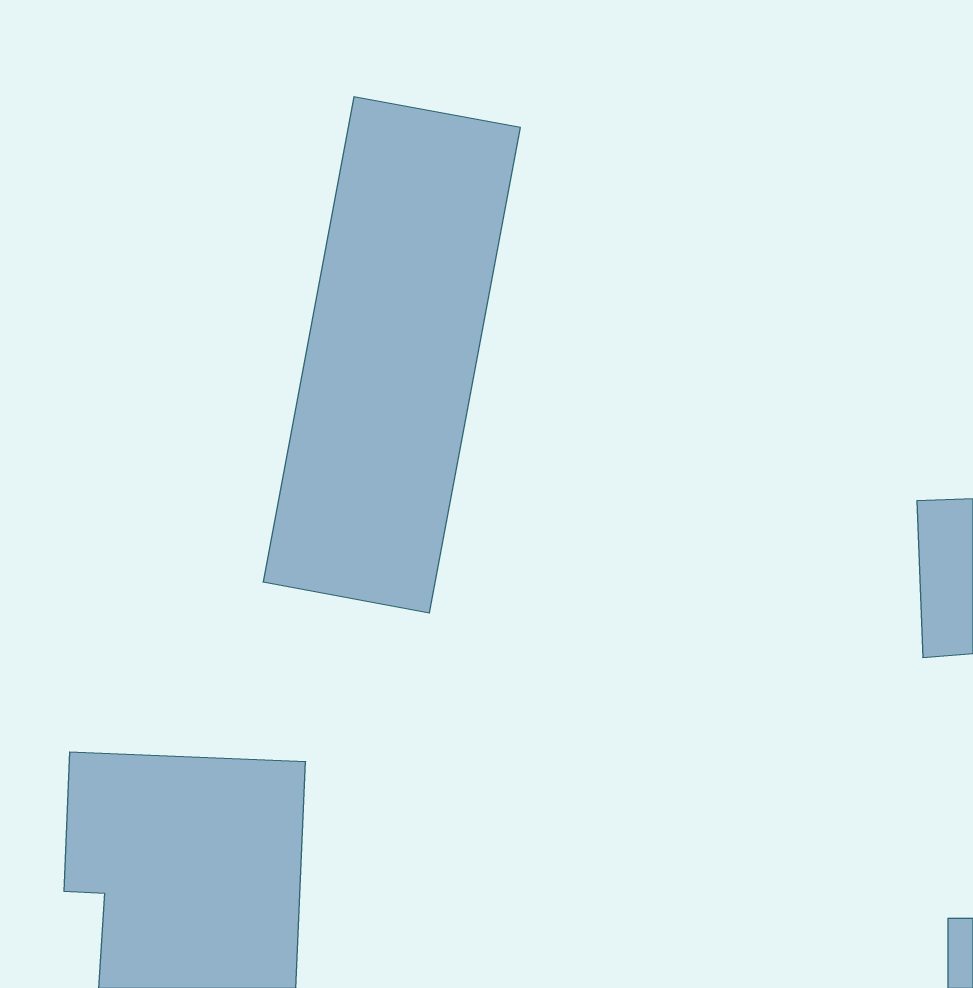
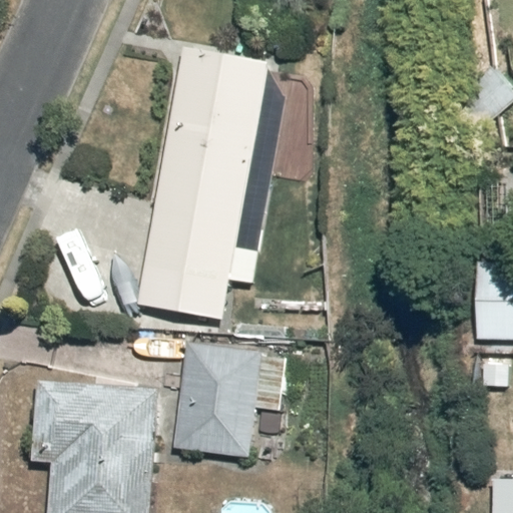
building: none -> [173,341,262,456]

